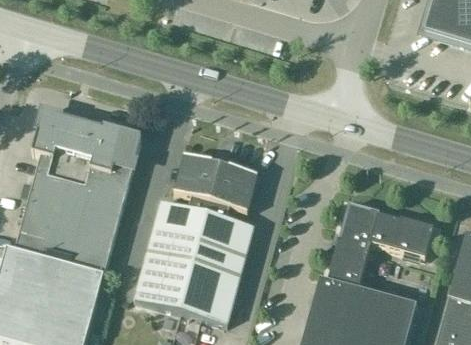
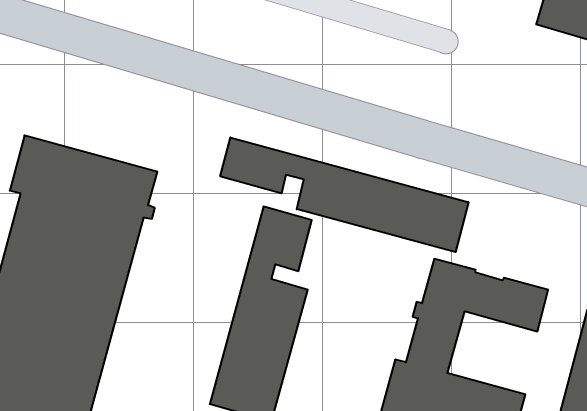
building: none -> [220,137,468,252]
building: [134,153,221,310] -> none

